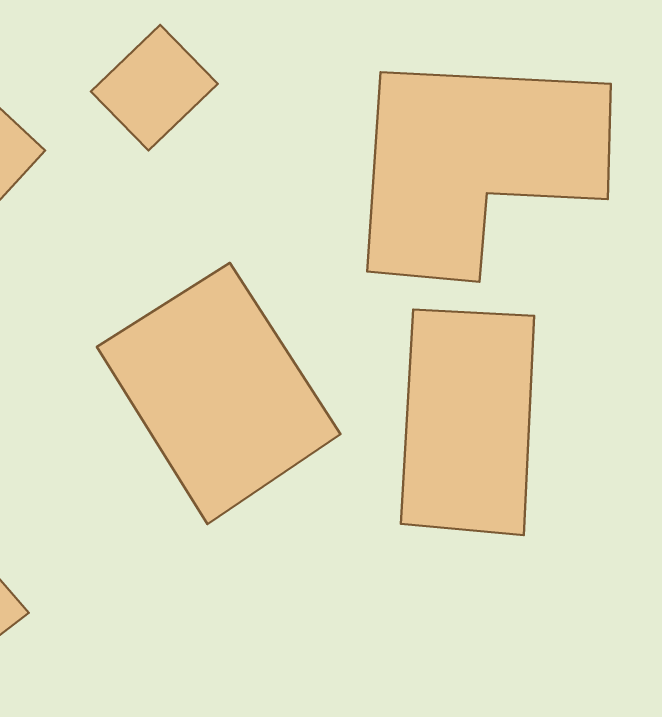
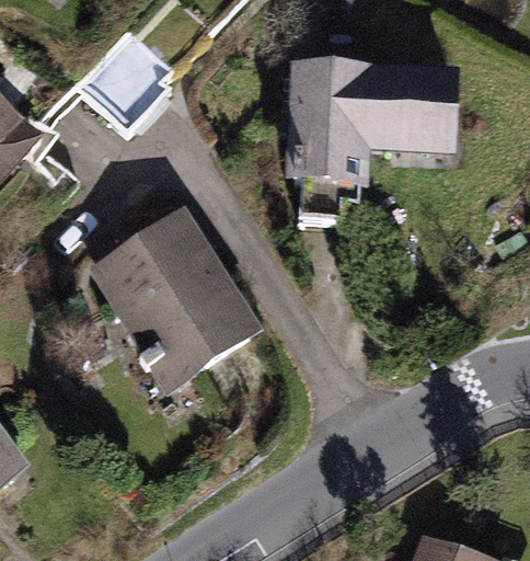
building: [401,310,534,535] -> none

